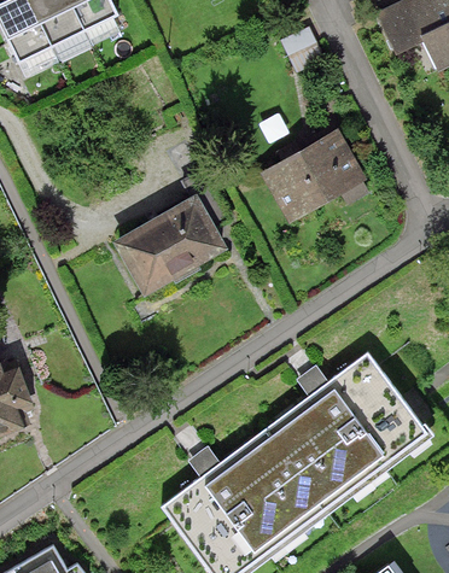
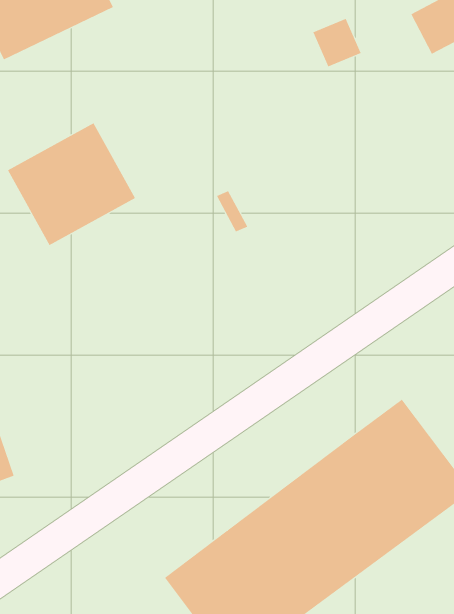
building: [263,127,365,221] -> none
building: [119,193,231,299] -> [7,123,136,246]

